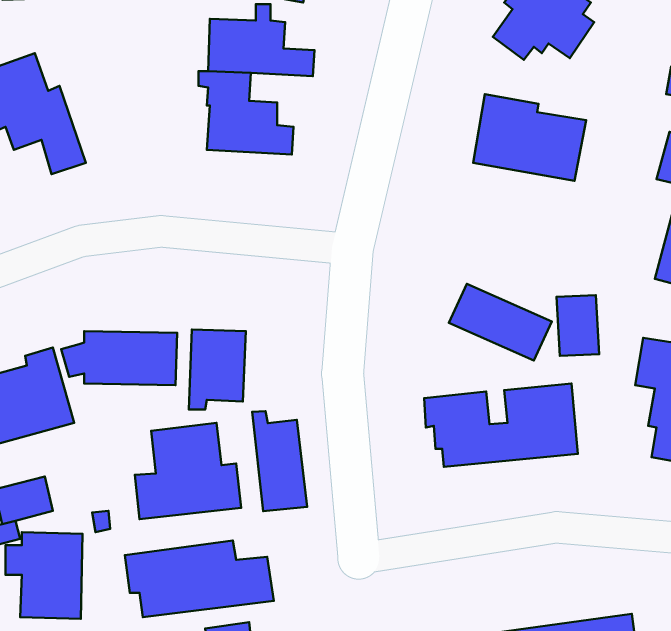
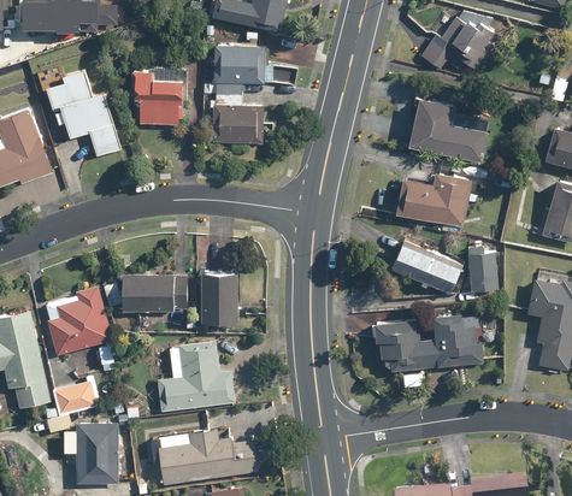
building: none -> [129,66,183,124]
building: none -> [395,169,471,226]
building: [252,411,307,511] -> none

